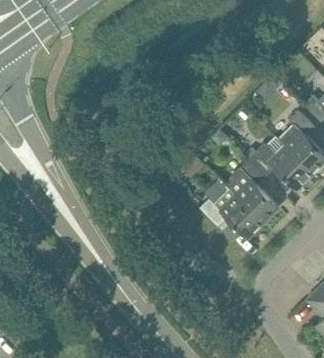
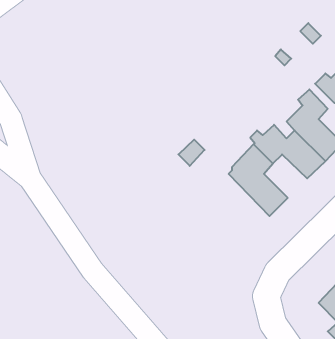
building: [200,185,263,239] -> none

